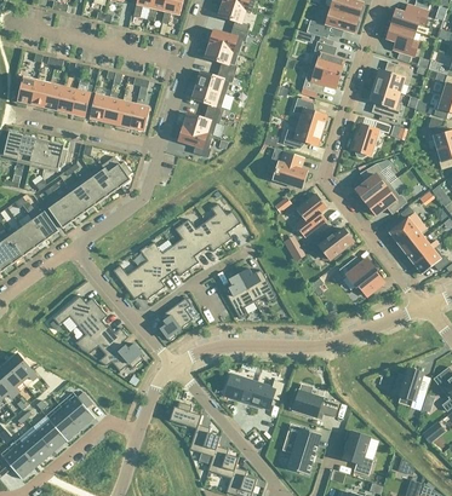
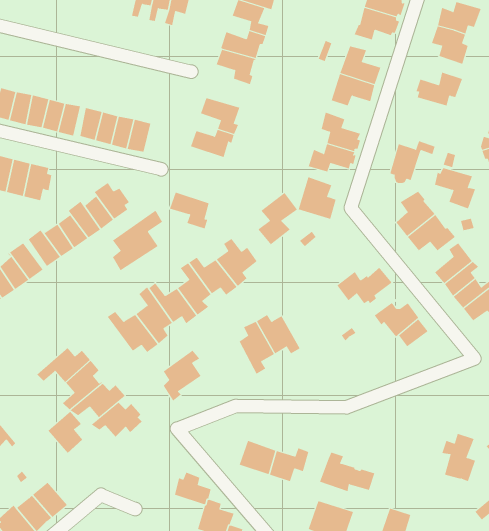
building: [196,69,234,93] -> none
building: [367,85,402,120] -> [434,168,476,209]
building: [178,126,212,157] -> [169,192,210,229]
building: none -> [112,210,163,271]
building: [293,192,327,237] -> [258,192,298,245]
building: [63,392,93,428] -> [47,411,83,454]

